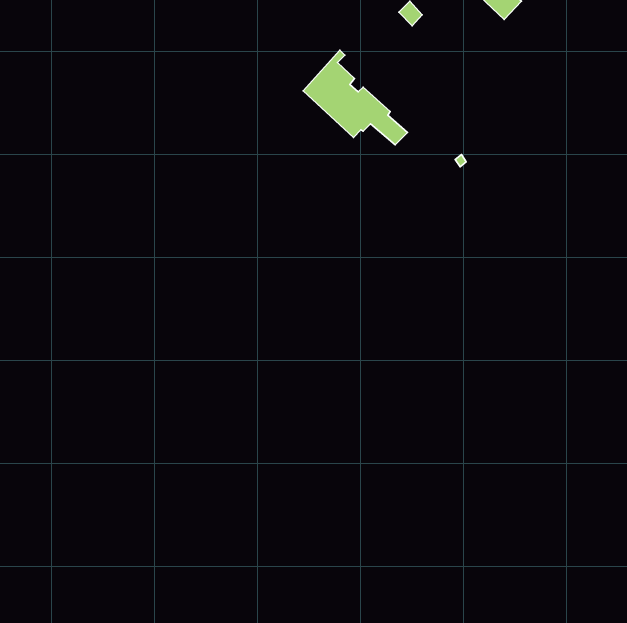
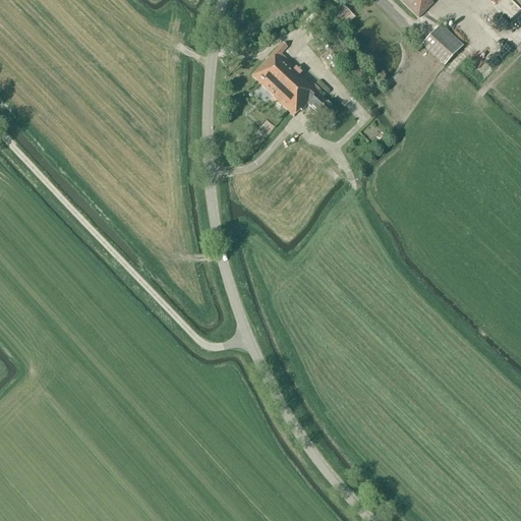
building: none -> [421,23,462,63]

